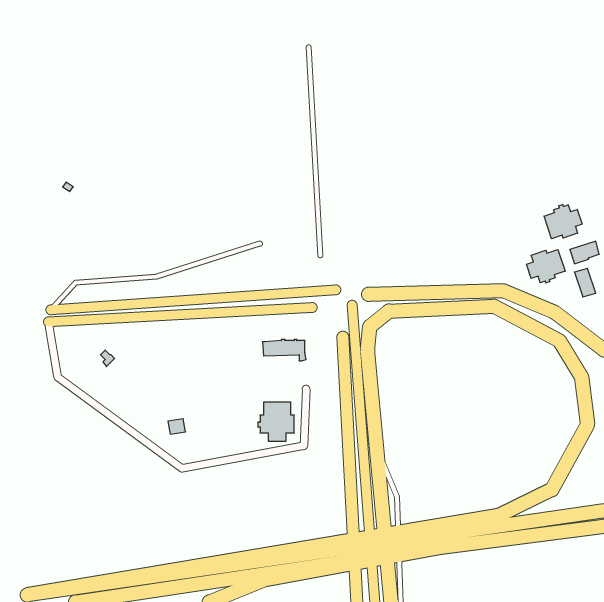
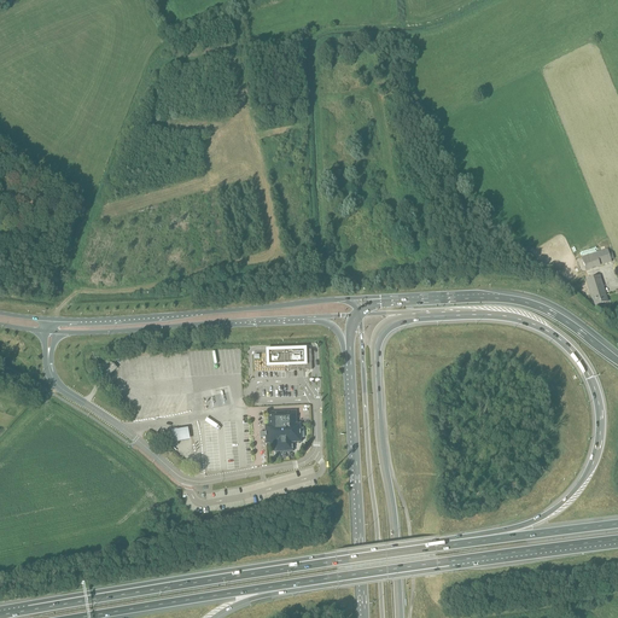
building: [544,204,582,239] -> none
building: [526,250,565,283] -> none

